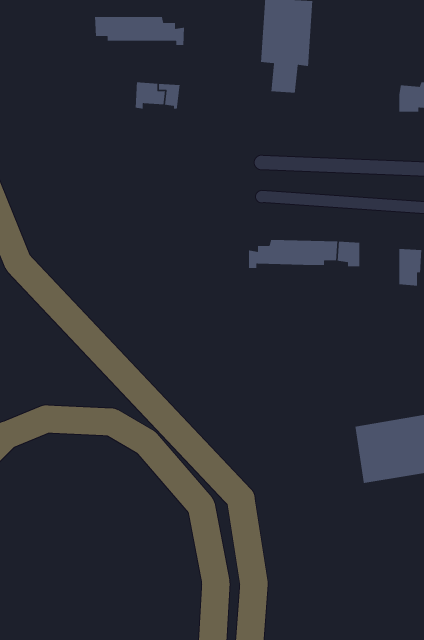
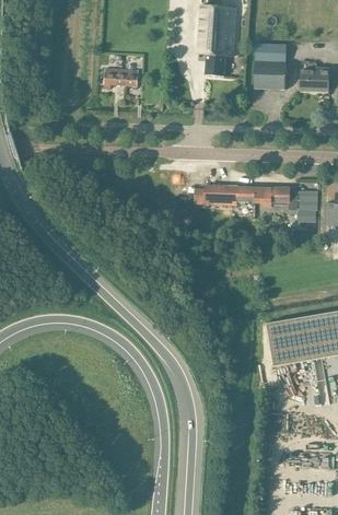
building: [94,16,185,46] -> none
building: none -> [255,43,288,89]
building: none -> [272,186,299,209]

